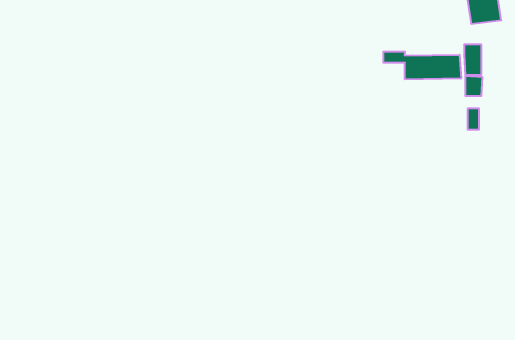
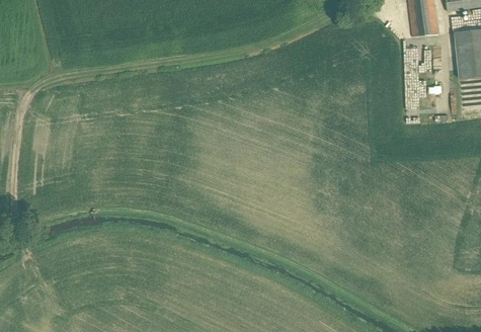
building: [383,52,461,79] -> none

